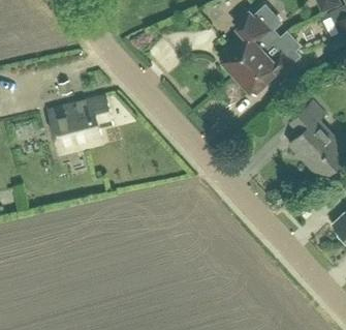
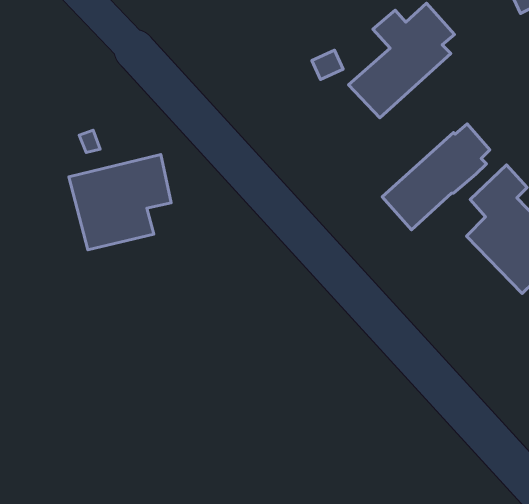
building: [238,30,302,93] -> [382,124,490,230]

